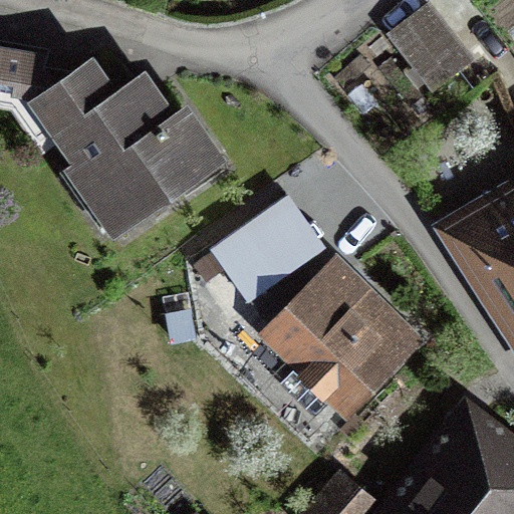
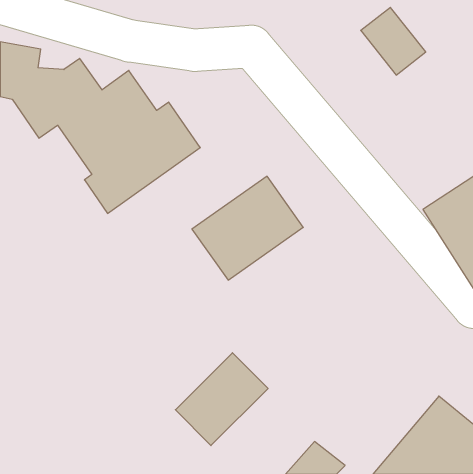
building: [274,263,414,417] -> none
building: none -> [175,353,268,446]

